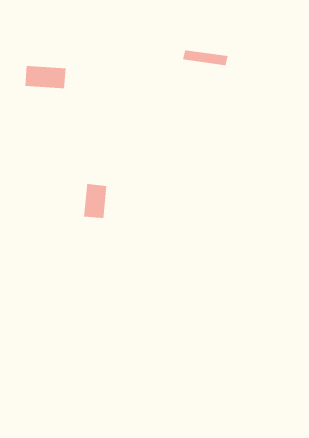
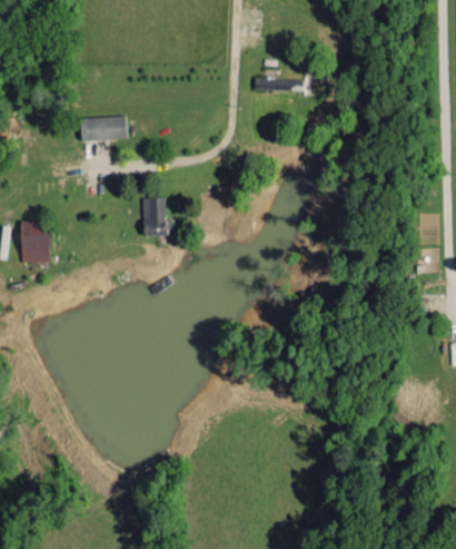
building: [83,183,107,218] -> [142,198,167,236]

